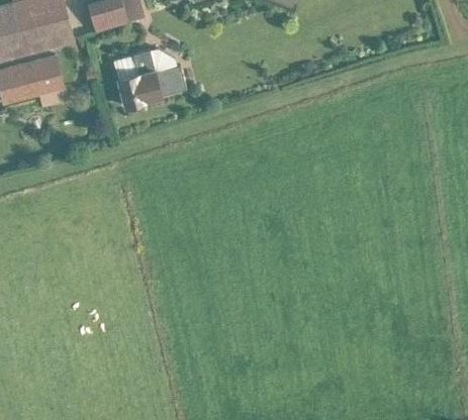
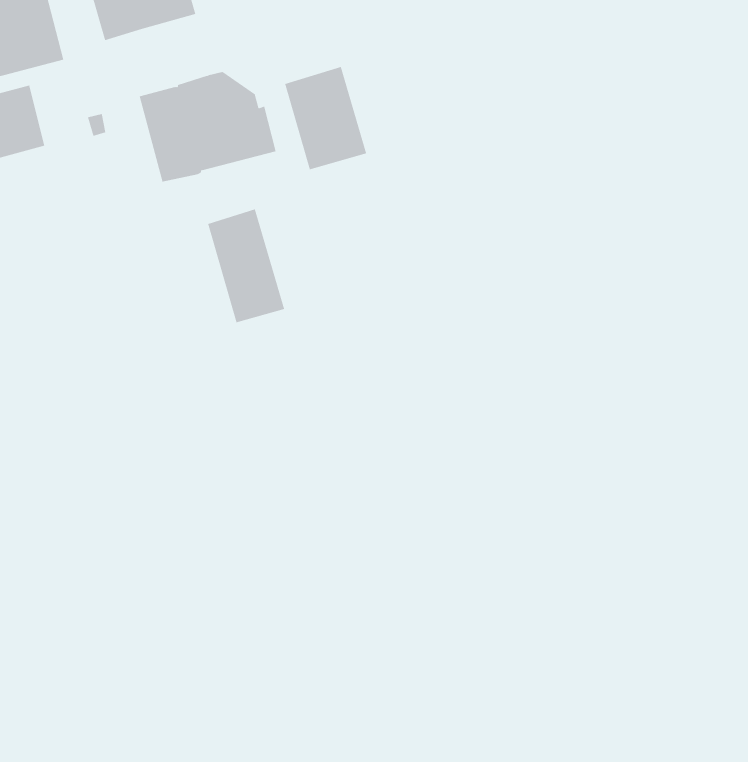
building: none -> [285,66,367,170]
building: none -> [207,208,285,323]

